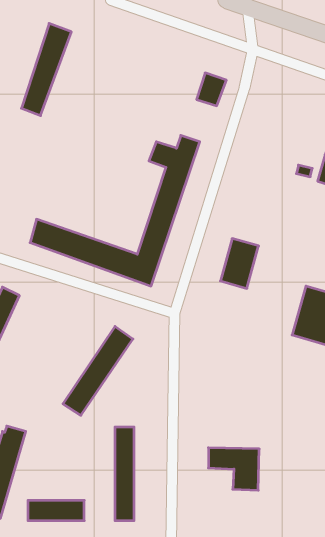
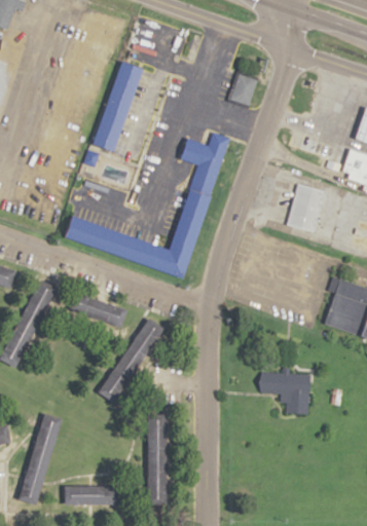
building: [21,23,71,116] -> [95,61,143,150]
building: [220,239,259,288] -> [285,184,322,232]
building: none -> [75,296,127,326]
building: [208,448,259,490] -> [259,373,308,414]

